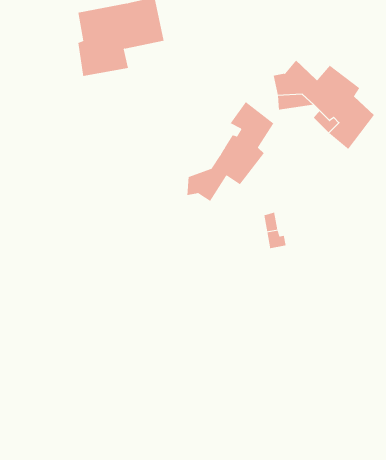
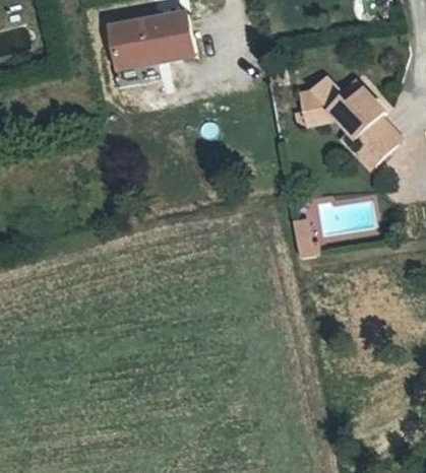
building: [187,101,274,202] -> none

